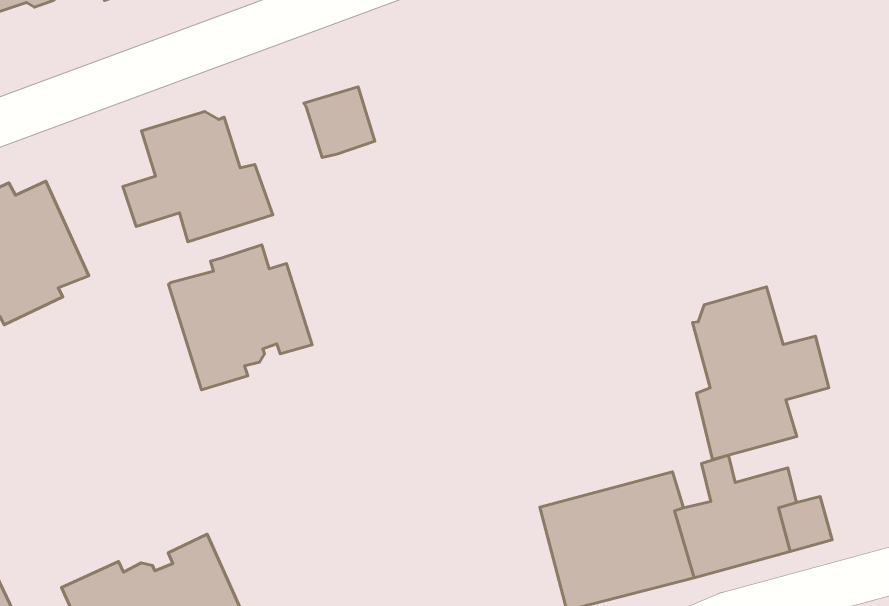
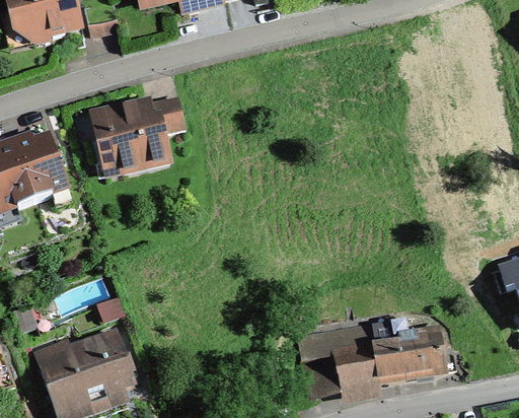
building: [304,87,375,157] -> [147,97,183,134]
building: [169,245,312,390] -> none
building: [692,287,829,460] -> none

